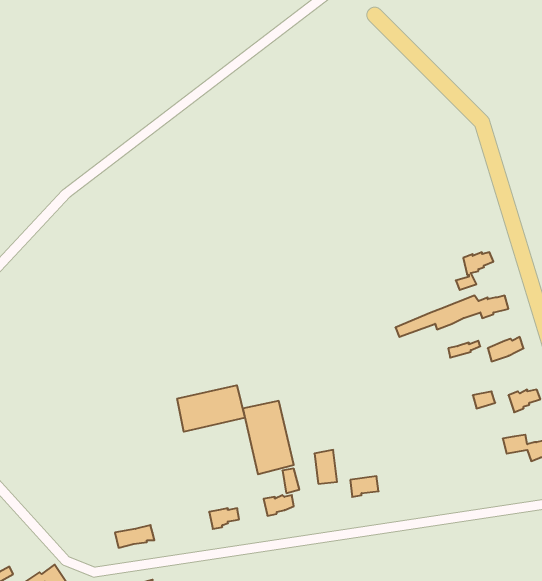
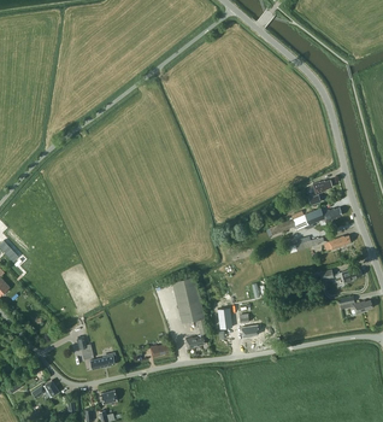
building: [177,385,245,432] -> none

